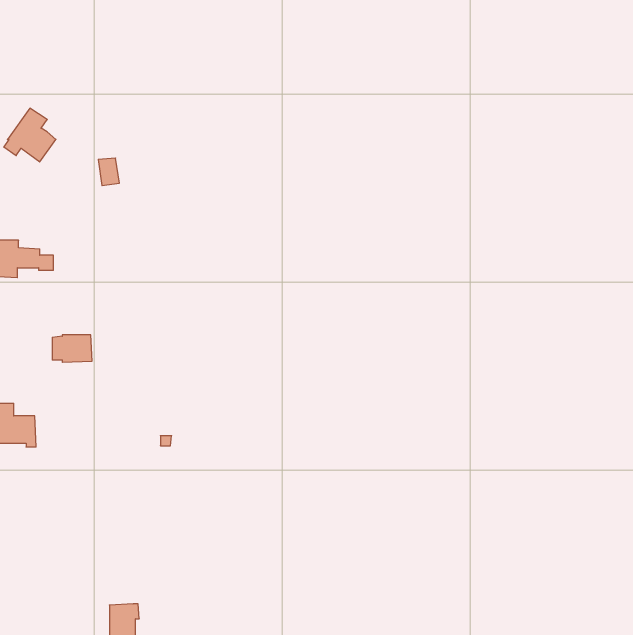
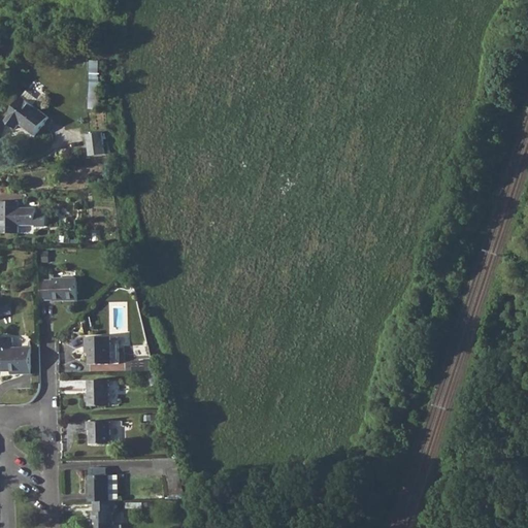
building: none -> [84,337,116,365]
building: none -> [87,380,116,406]
building: none -> [85,422,107,444]
building: none -> [86,468,110,502]

